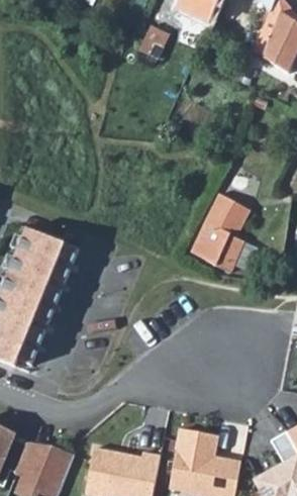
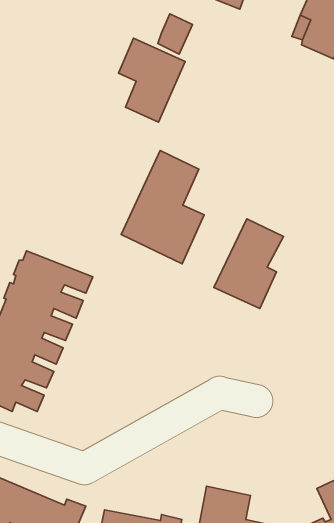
building: none -> [118,38,185,122]
building: none -> [121,151,204,264]

